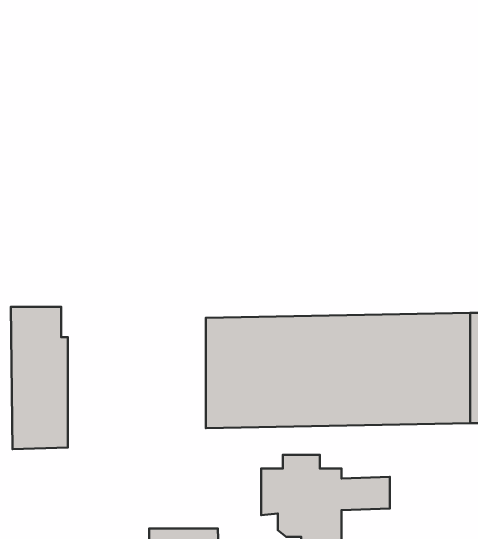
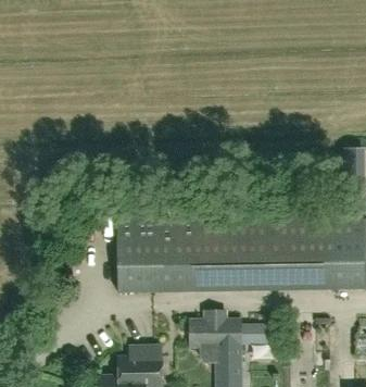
building: [11,307,68,449] -> [116,199,153,291]

